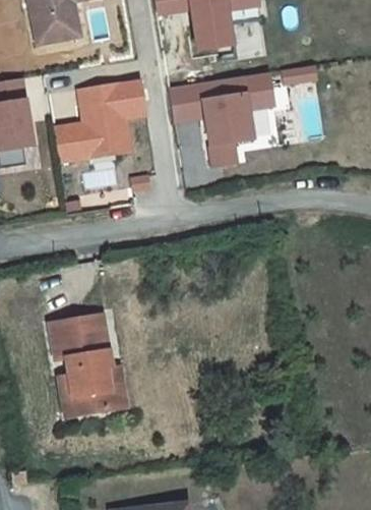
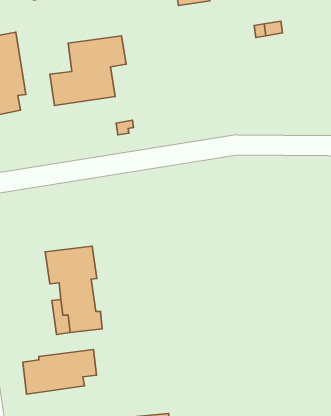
building: [170,74,274,168] -> none
building: none -> [23,349,97,394]

